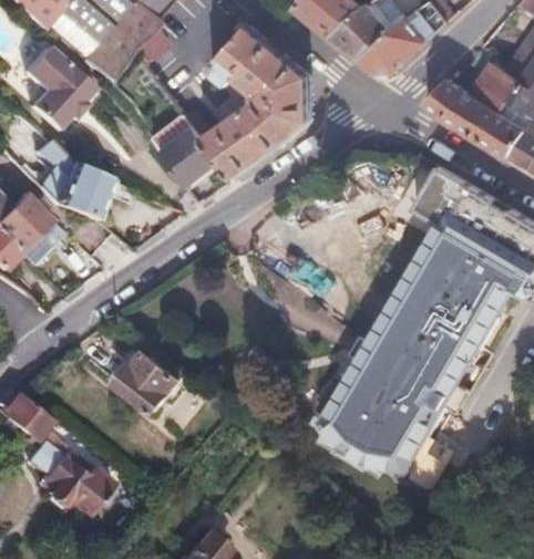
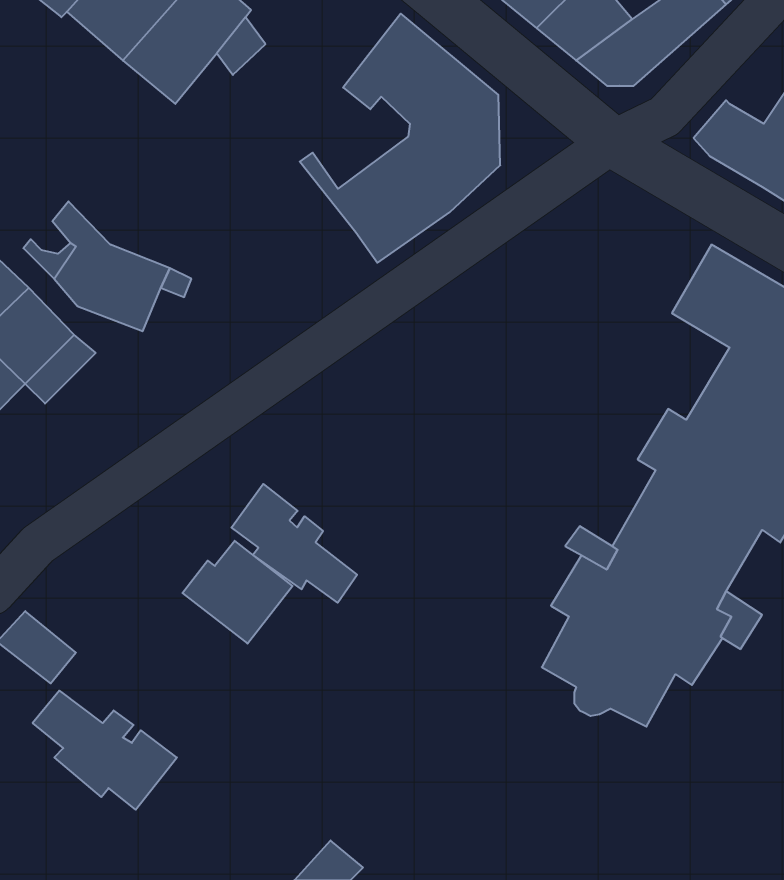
building: [16,37,85,120] -> none
building: [151,113,220,186] -> none
building: none -> [231,484,357,603]

